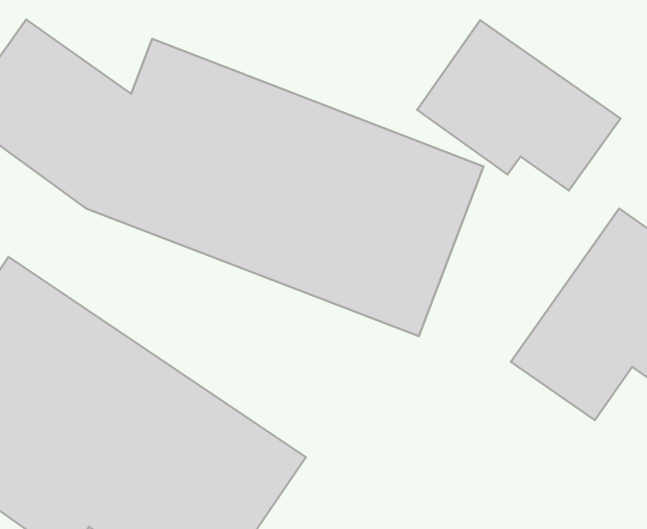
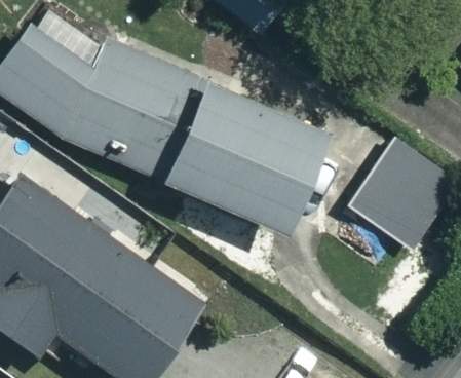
building: [417,20,621,191] -> none

